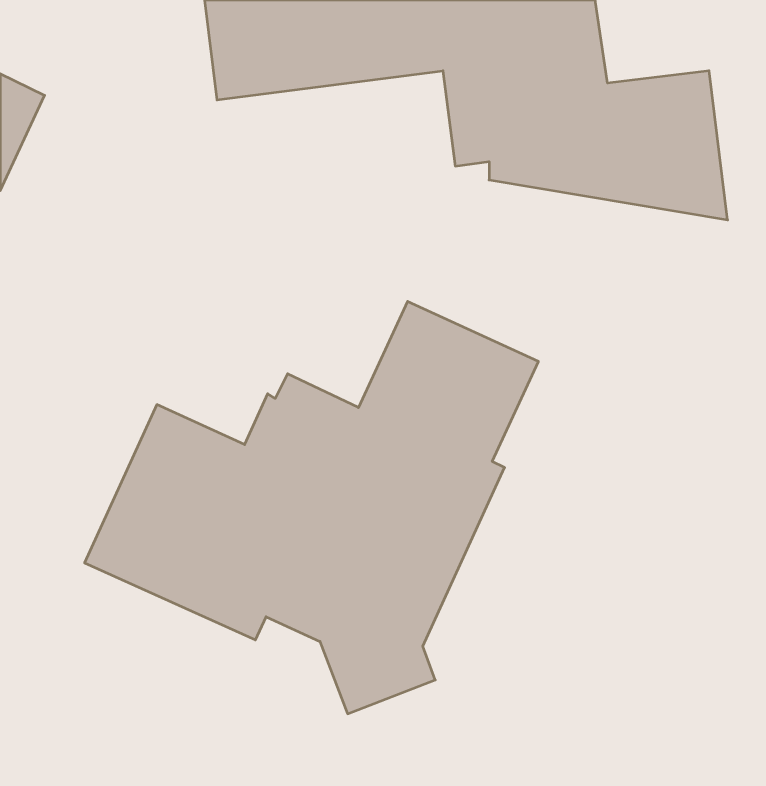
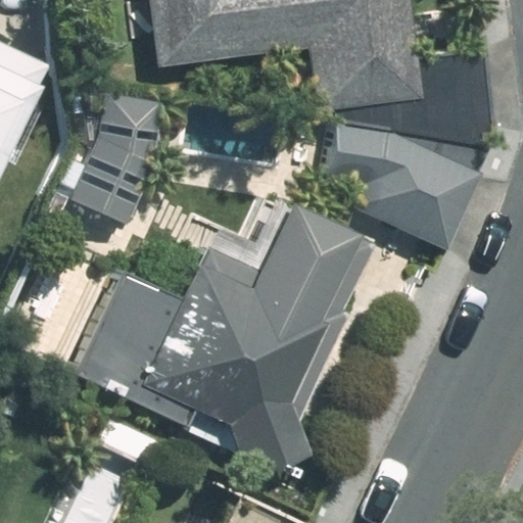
building: none -> [72,92,164,225]
building: none -> [327,124,489,249]

